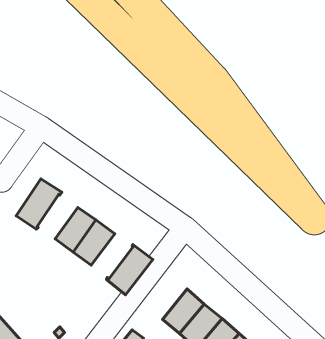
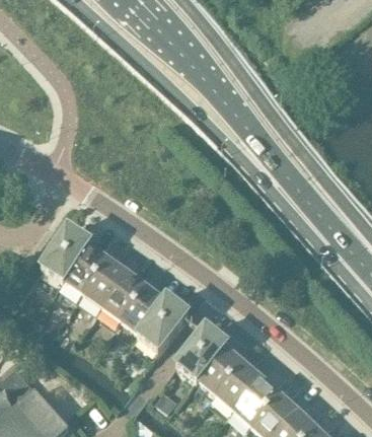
building: none -> [64,243,107,291]
building: none -> [122,286,166,334]
building: none -> [176,326,227,381]

